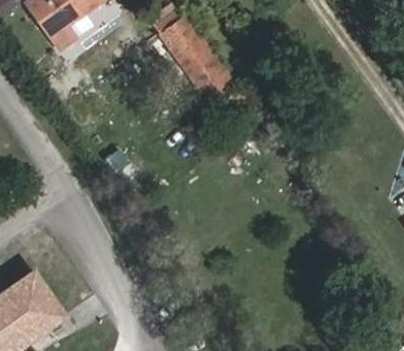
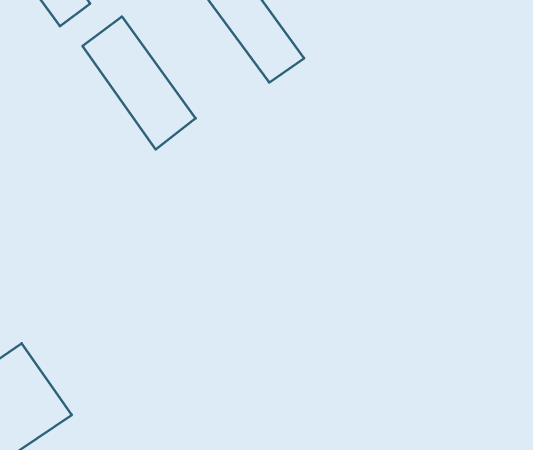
building: none -> [83,17,196,149]

